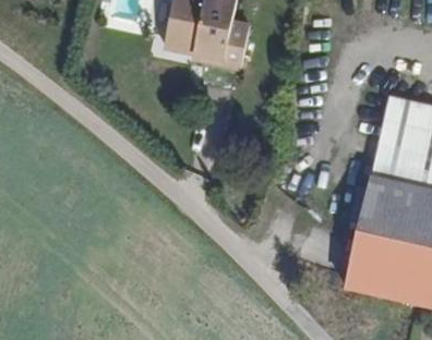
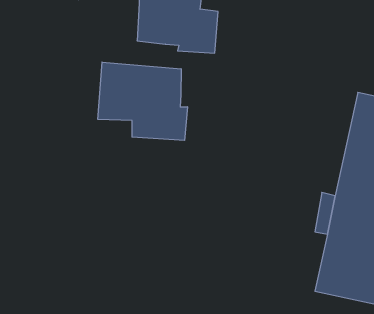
building: none -> [98,62,187,140]

